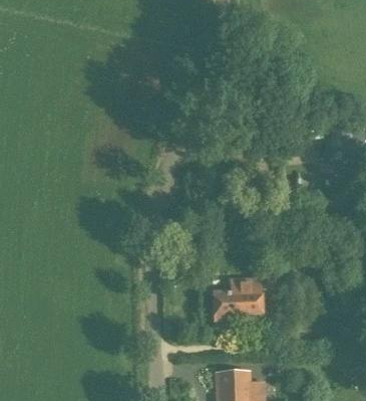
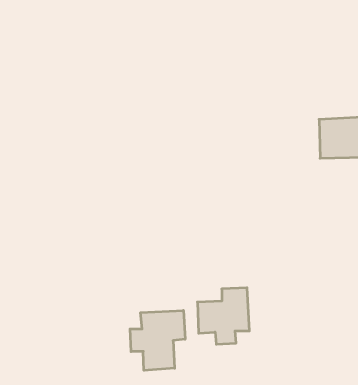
building: none -> [130,310,185,370]

